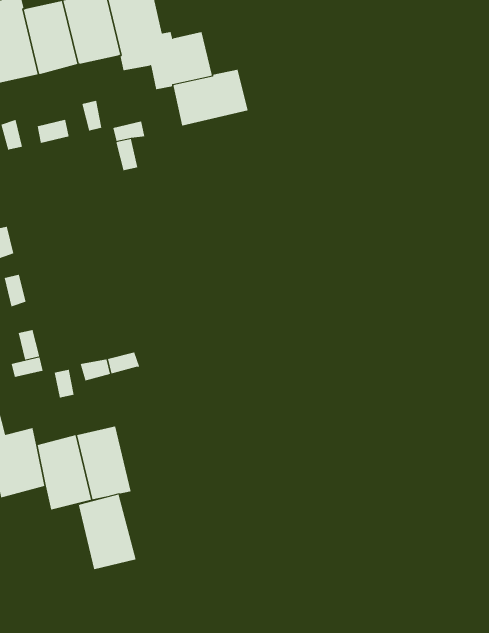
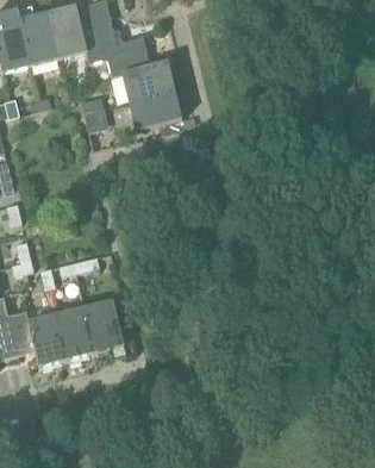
building: none -> [129,89,181,129]
building: [78,494,137,570] -> [83,300,124,352]

